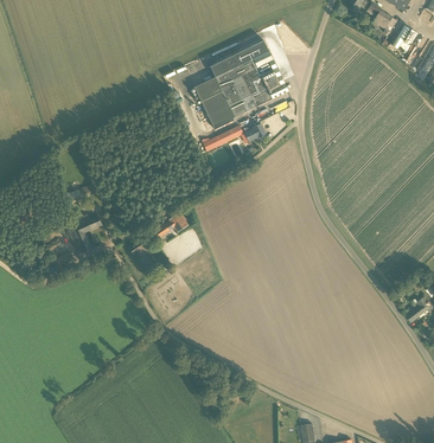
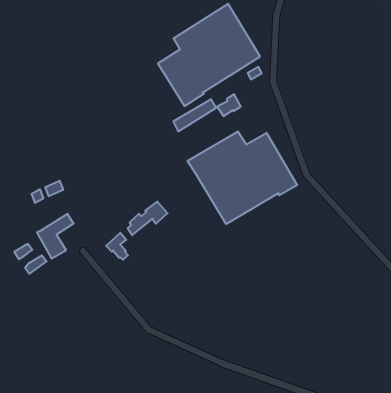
building: none -> [188,131,297,224]

